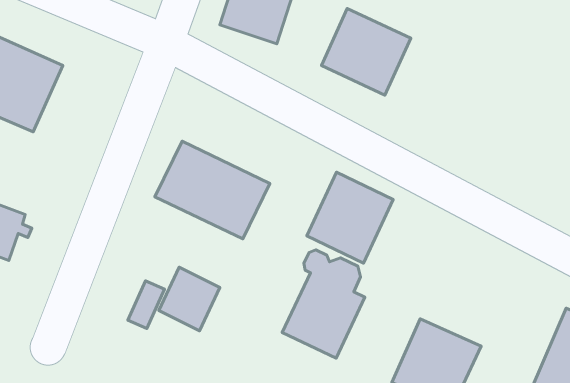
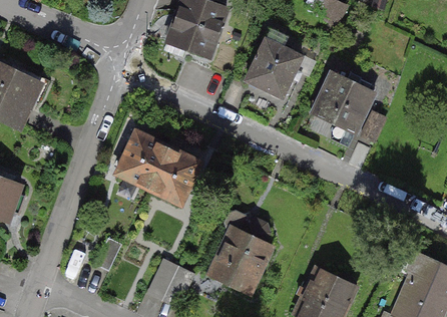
building: none -> [311,66,376,132]
building: [307,172,393,263] -> none
building: [159,267,220,331] -> [149,260,194,307]

